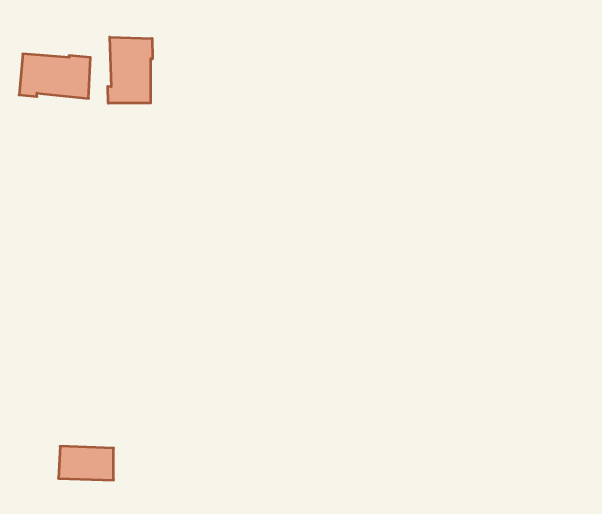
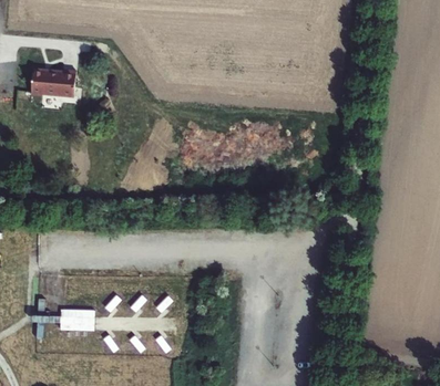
building: [108,37,152,103] -> none

